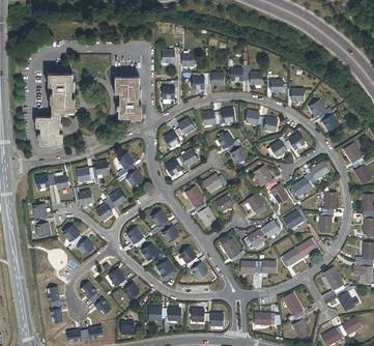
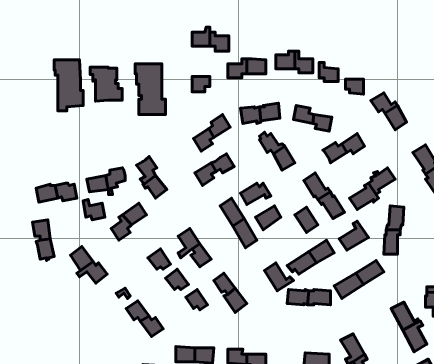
building: [36,116,62,144] -> [90,67,122,101]

